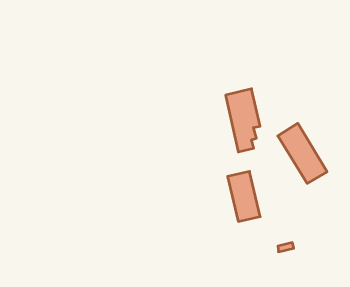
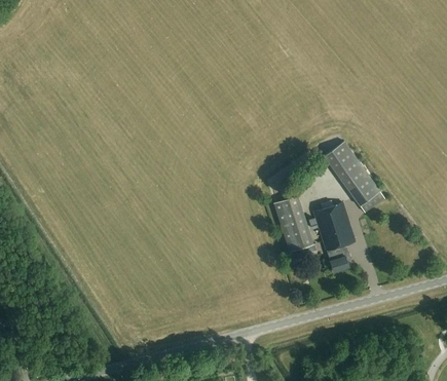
building: [226,89,260,152] -> [313,202,353,272]

